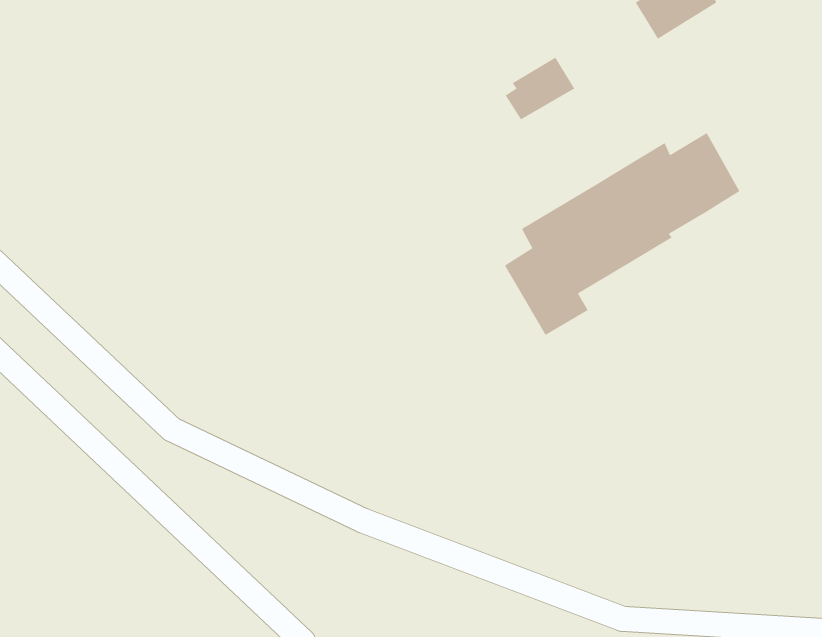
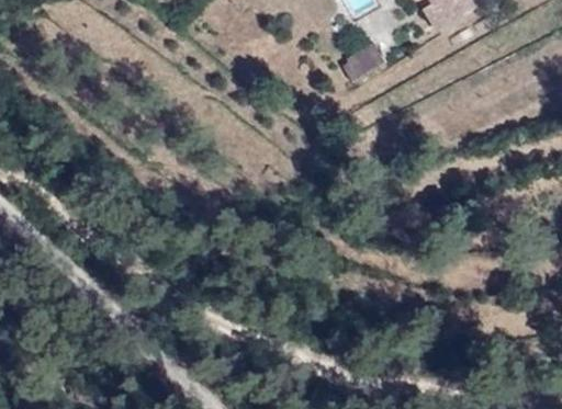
building: [504,132,740,336] -> none

